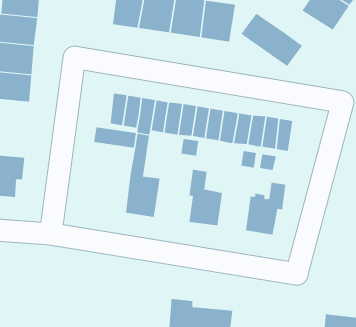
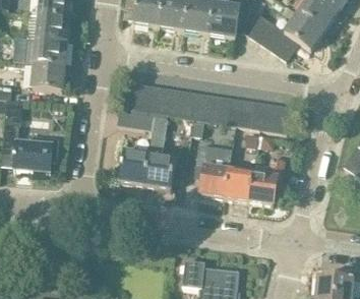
building: none -> [283,11,324,50]
building: none -> [118,150,148,186]
building: none -> [225,167,252,201]

